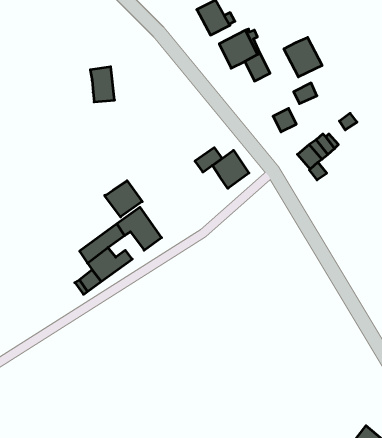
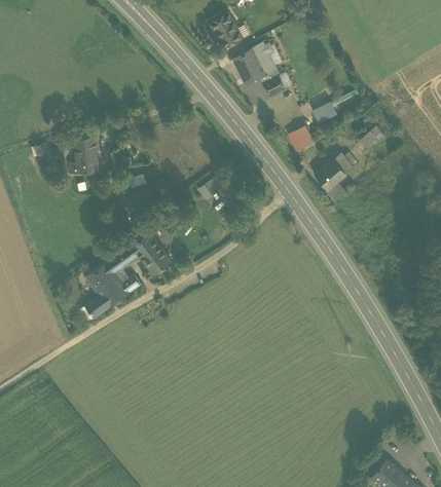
building: [284,37,322,77] -> none
building: [90,67,115,102] -> [73,135,99,172]
building: [212,150,249,188] -> none
building: [105,181,142,217] -> none

